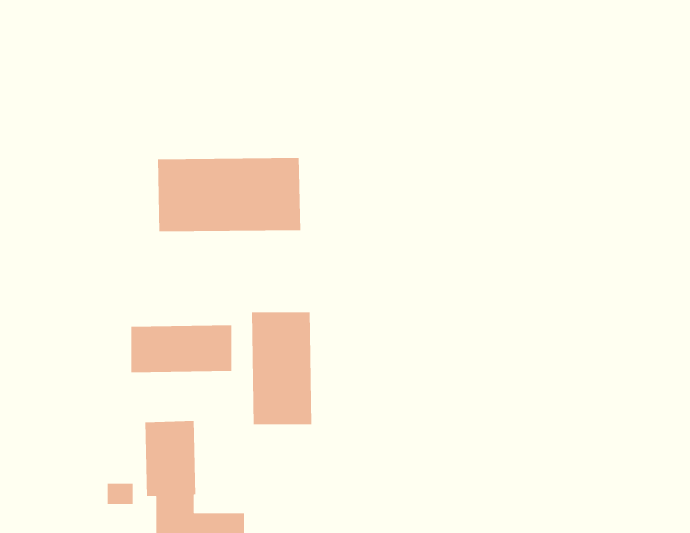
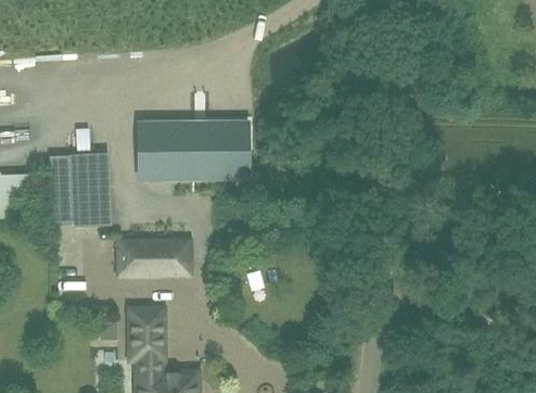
building: none -> [51,153,109,224]
building: [251,311,312,425] -> none

